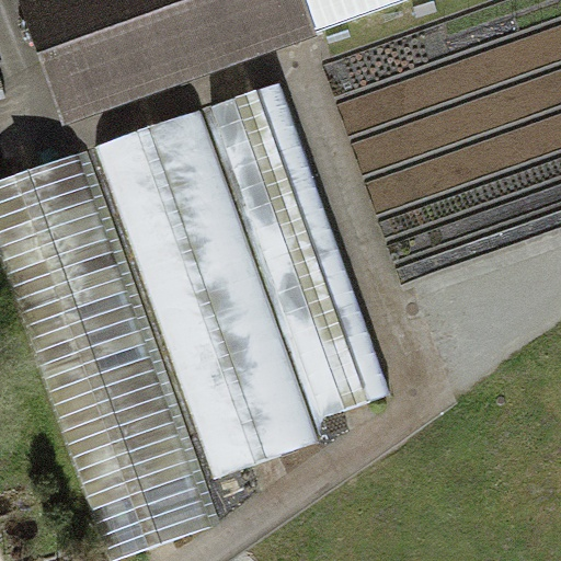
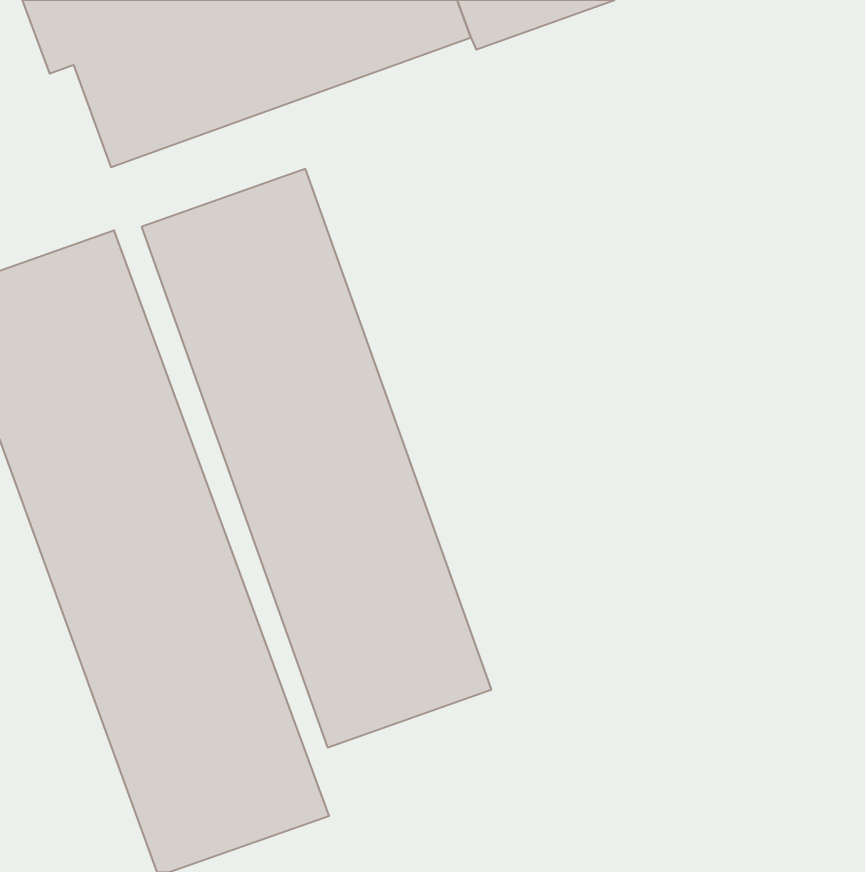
building: [207,80,391,415] -> none

